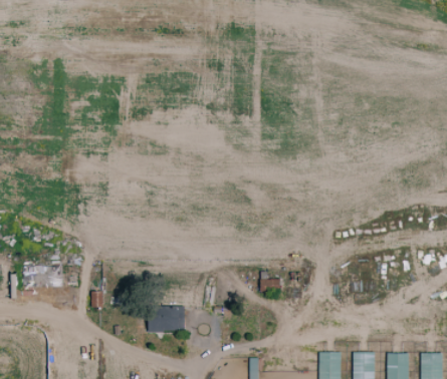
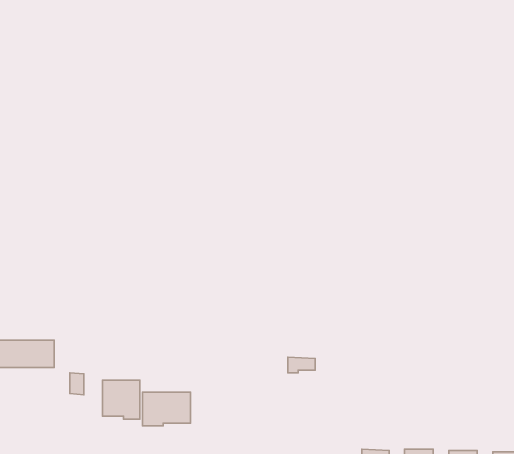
building: none -> [102,380,140,419]

